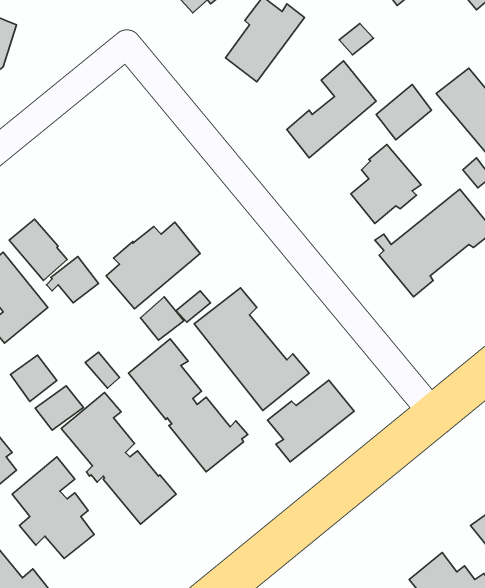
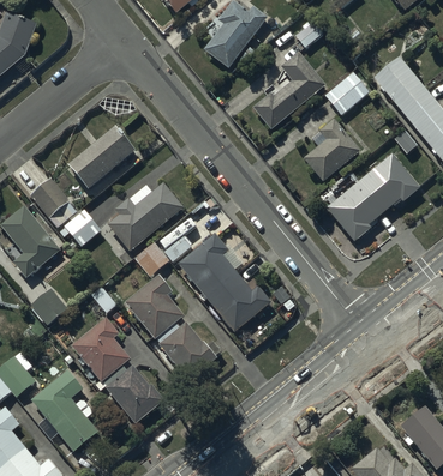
building: none -> [66,125,134,188]
building: [268,380,354,462] -> none
building: [35,386,83,430] -> none

